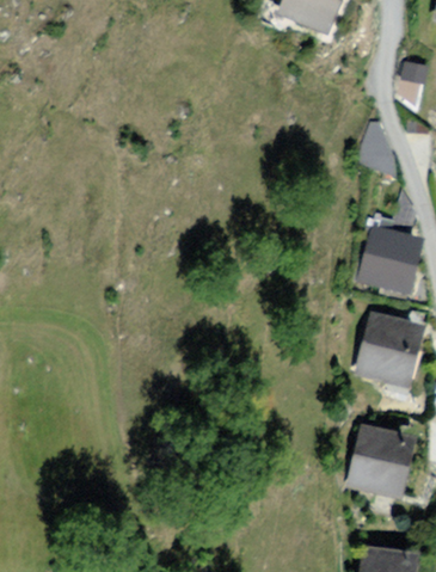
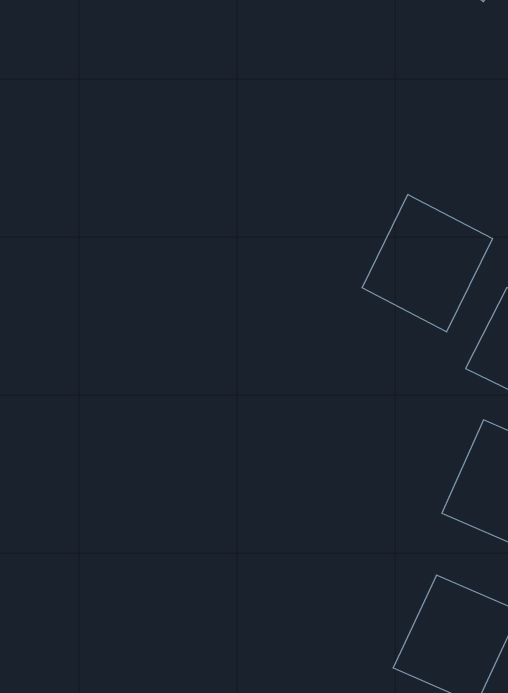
building: none -> [362,194,492,332]

